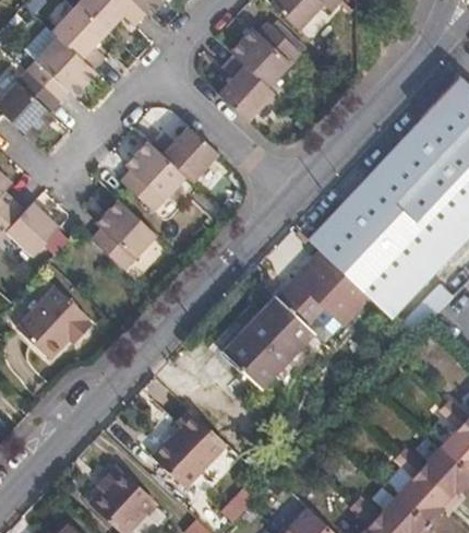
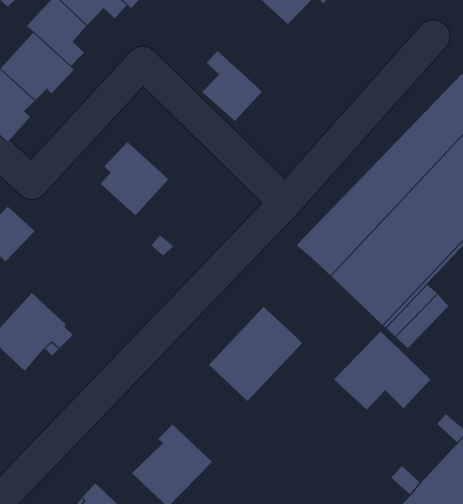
building: [230,21,302,87] -> none
building: [151,125,219,183] -> none
building: [91,200,157,271] -> none
building: [276,251,369,327] -> [333,331,431,410]

